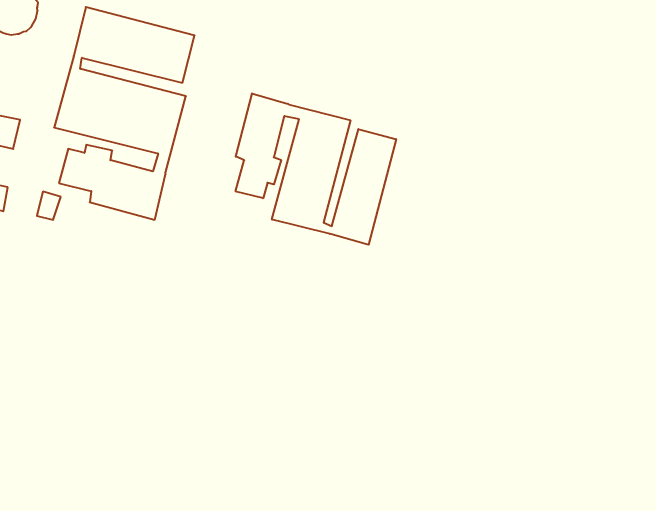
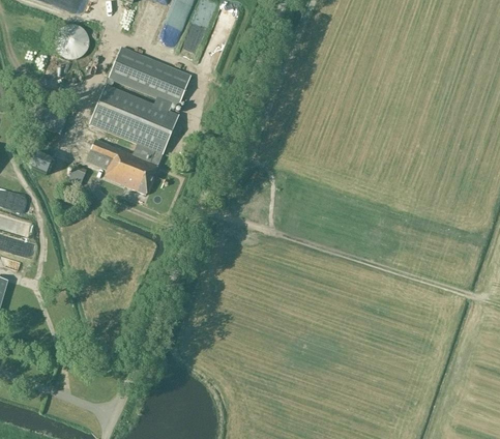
building: [236,93,396,245] -> none

